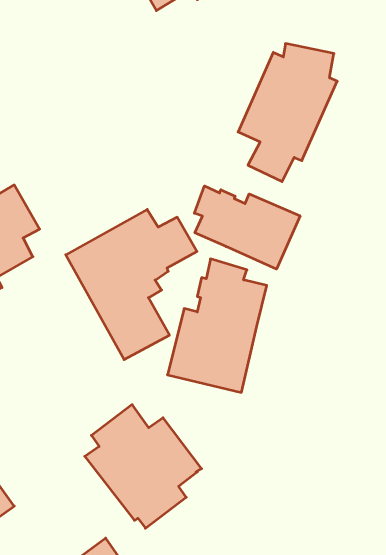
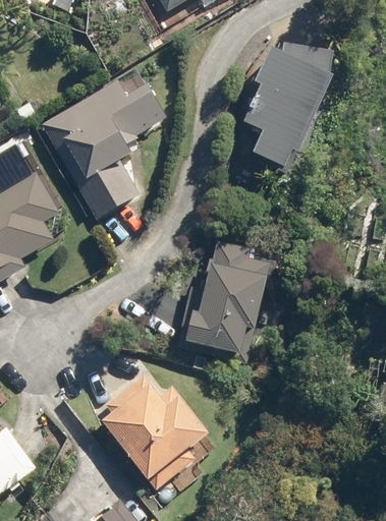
building: [194,186,300,269] -> none
building: [66,209,197,360] -> [43,79,164,218]

